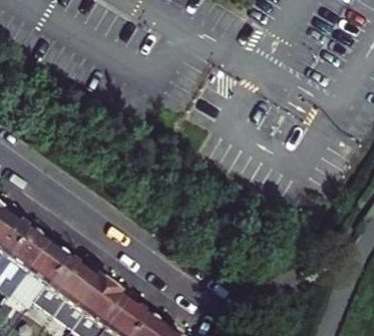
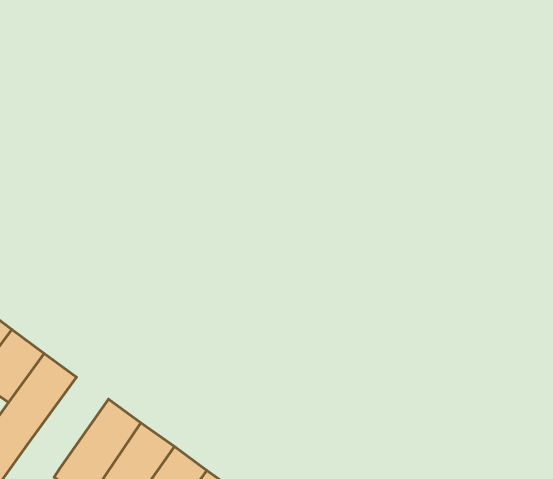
building: [25,245,73,299] -> none

